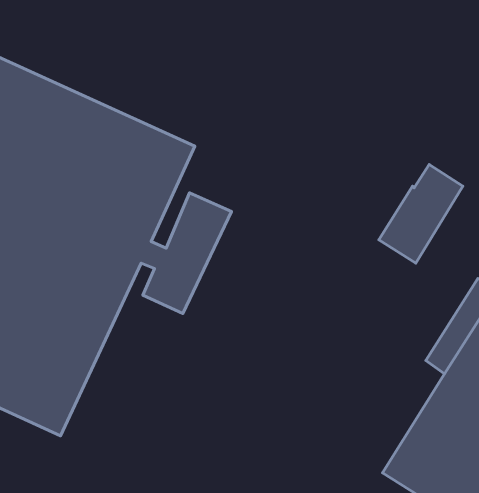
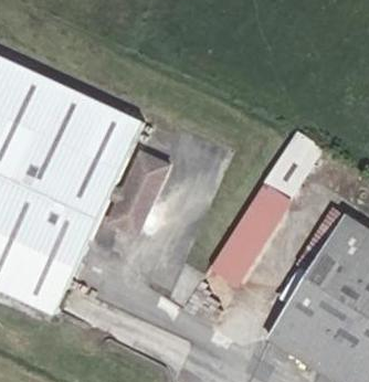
building: none -> [212,184,291,285]

